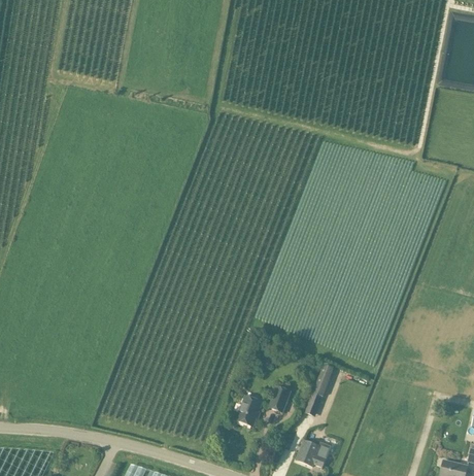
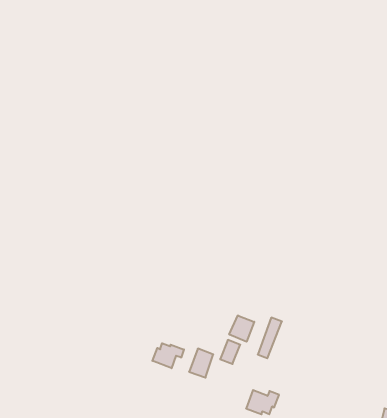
building: none -> [229,315,254,342]
building: none -> [152,343,184,368]

